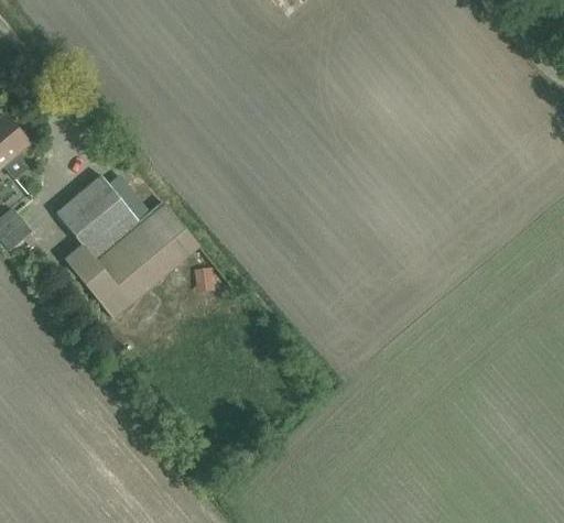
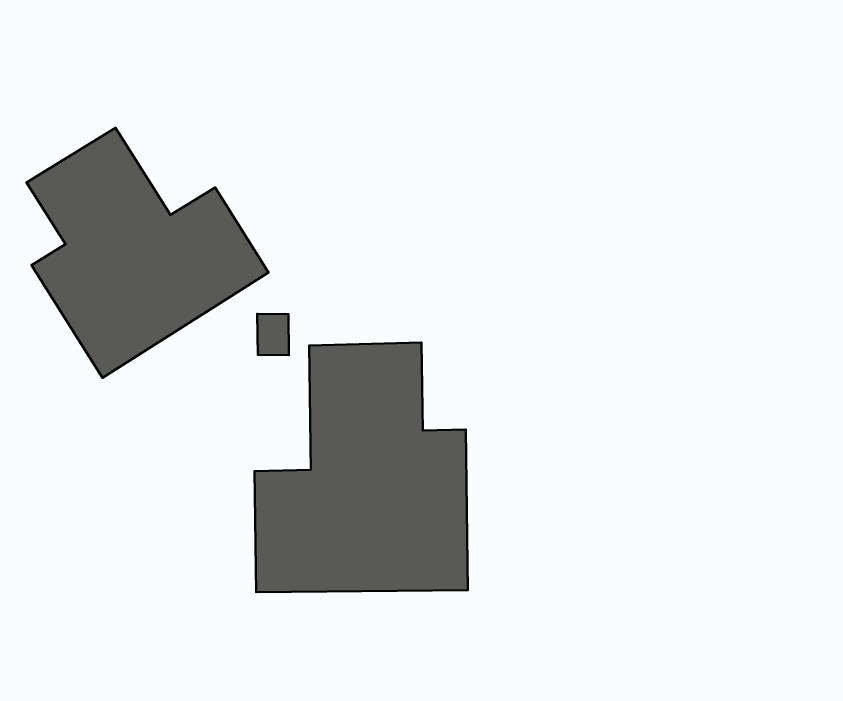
building: none -> [254,343,468,592]

